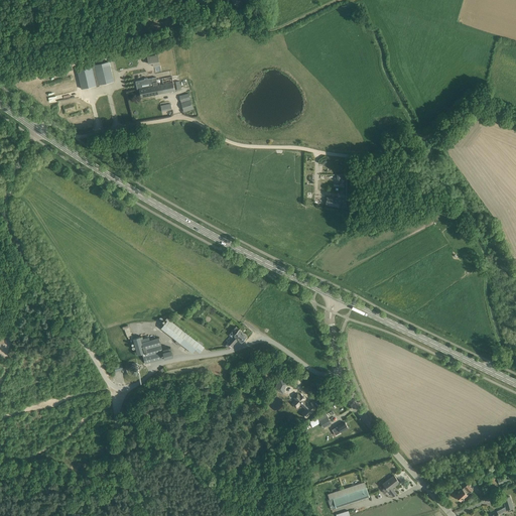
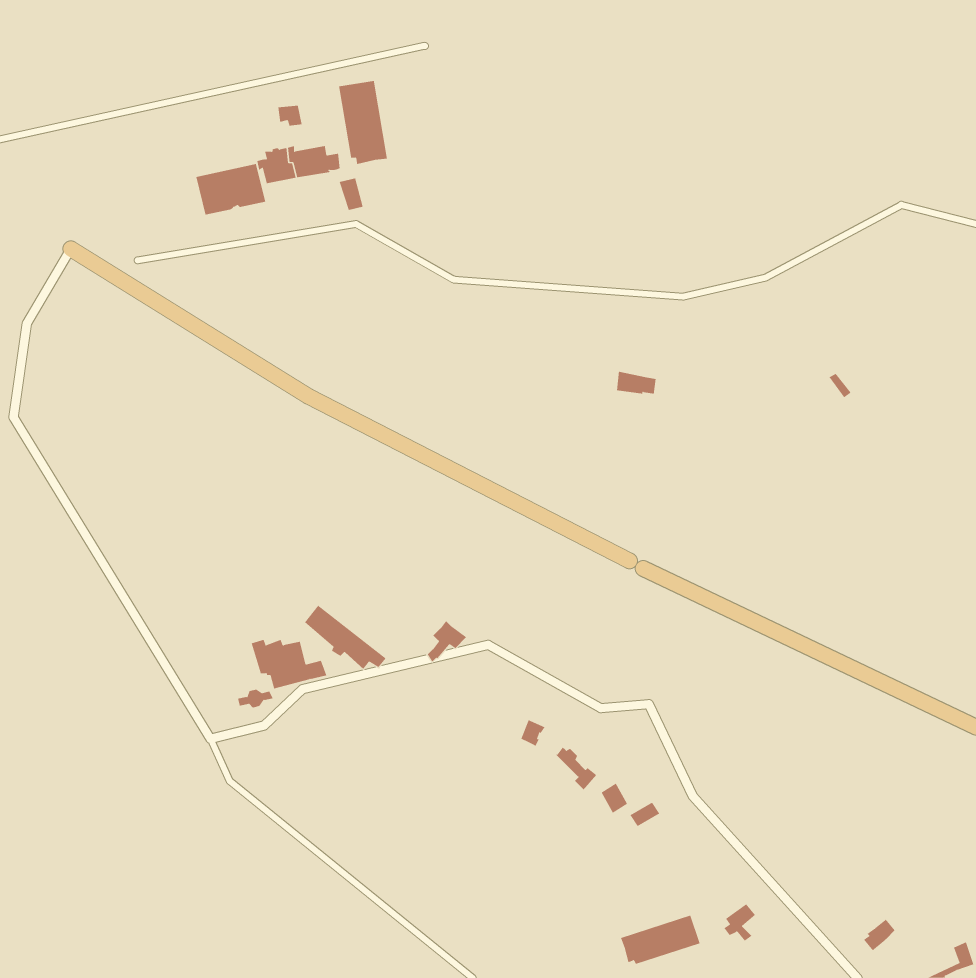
building: none -> [339,80,387,165]
building: [76,61,113,89] -> [195,163,266,215]

